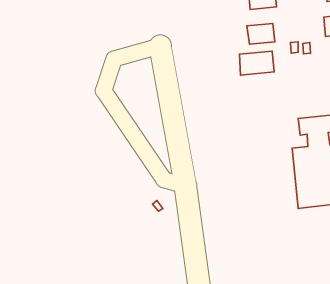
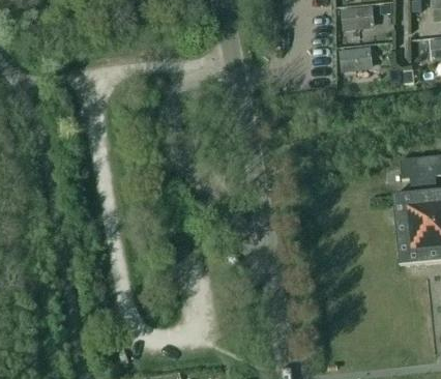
building: [239,51,274,75] -> none

